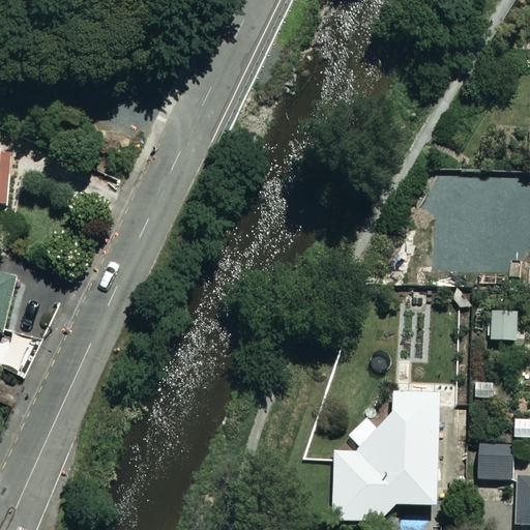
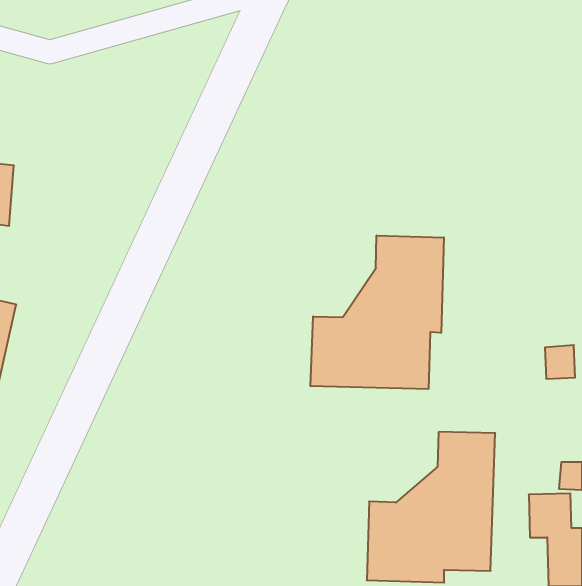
building: none -> [311,235,444,389]

